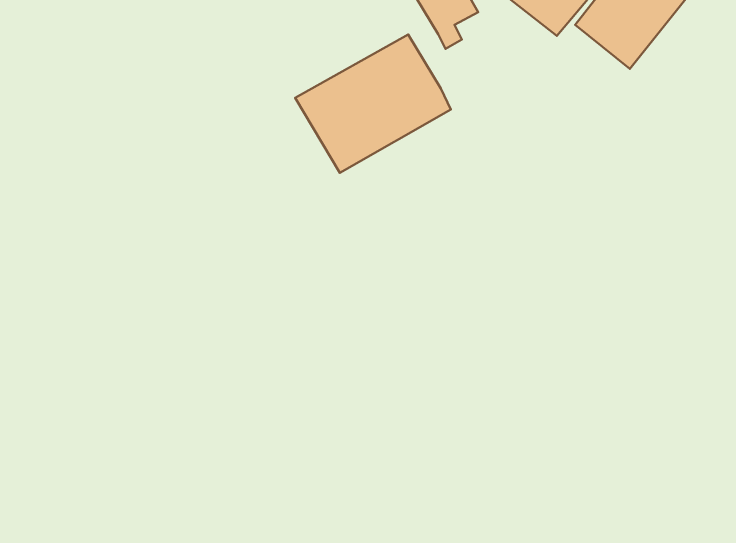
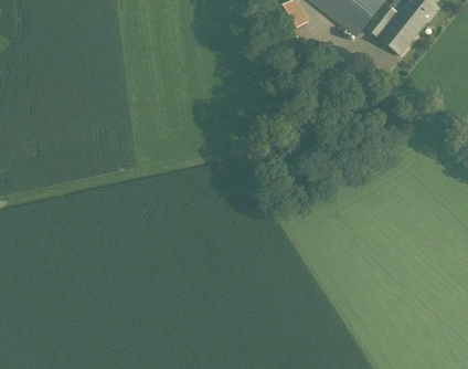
building: [295,35,451,173] -> none

